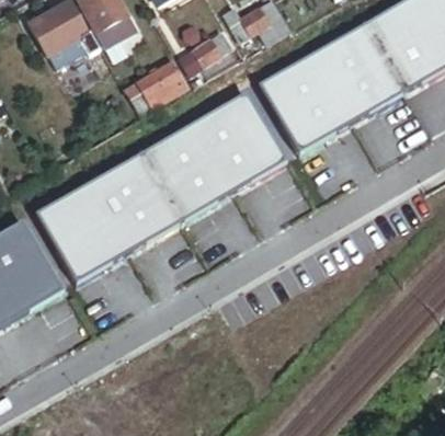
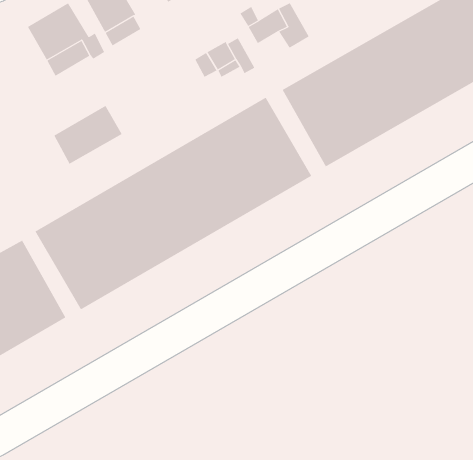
building: [125,60,187,114] -> [54,105,123,164]

